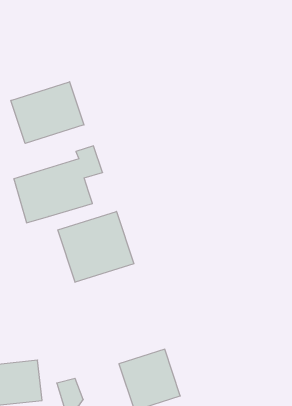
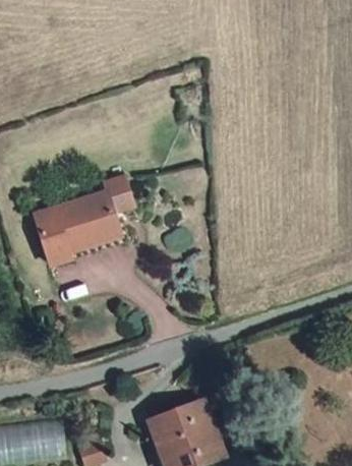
building: [11,82,84,143] -> none
building: [58,211,134,282] -> none

